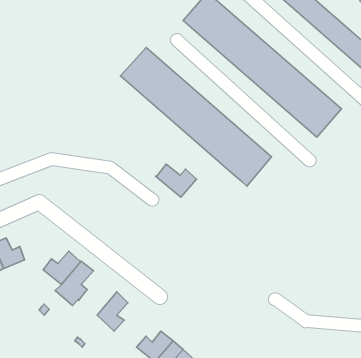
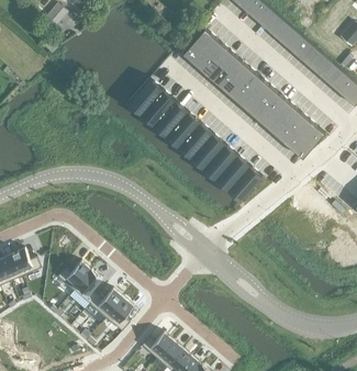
building: [156,164,197,197] -> none
building: none -> [88,286,122,316]

